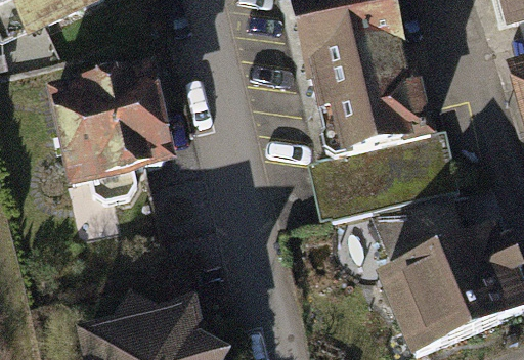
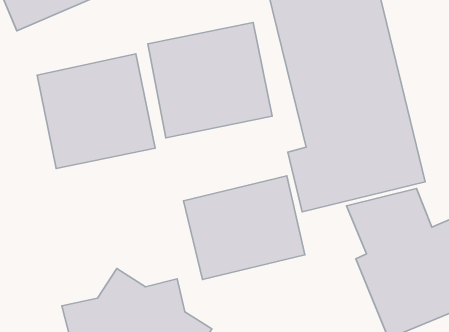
building: none -> [148,23,272,138]
building: none -> [183,176,305,279]

